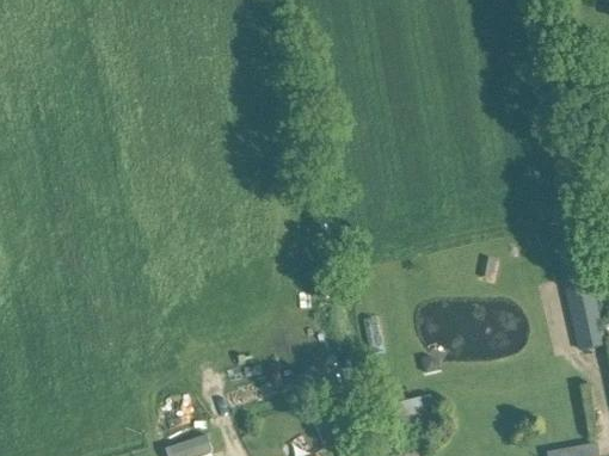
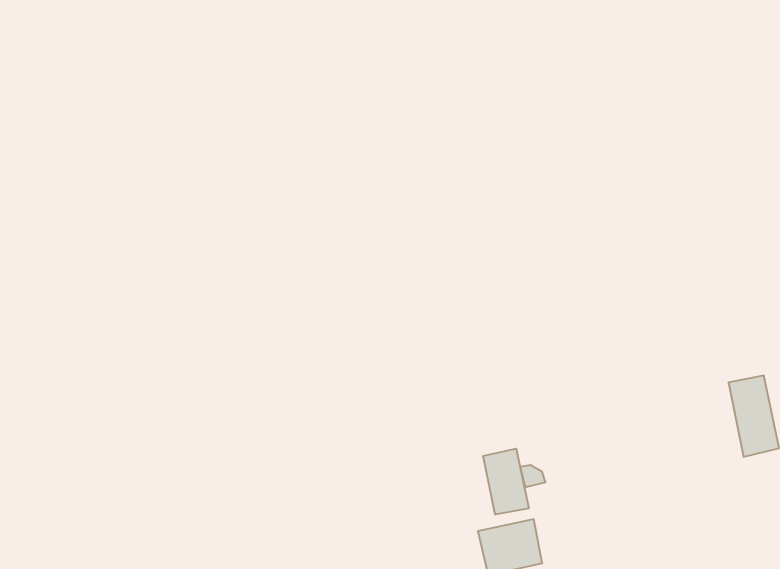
building: none -> [483,449,529,515]

